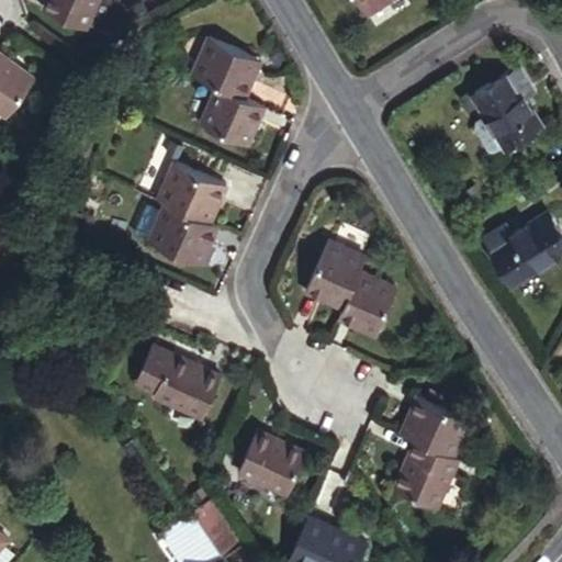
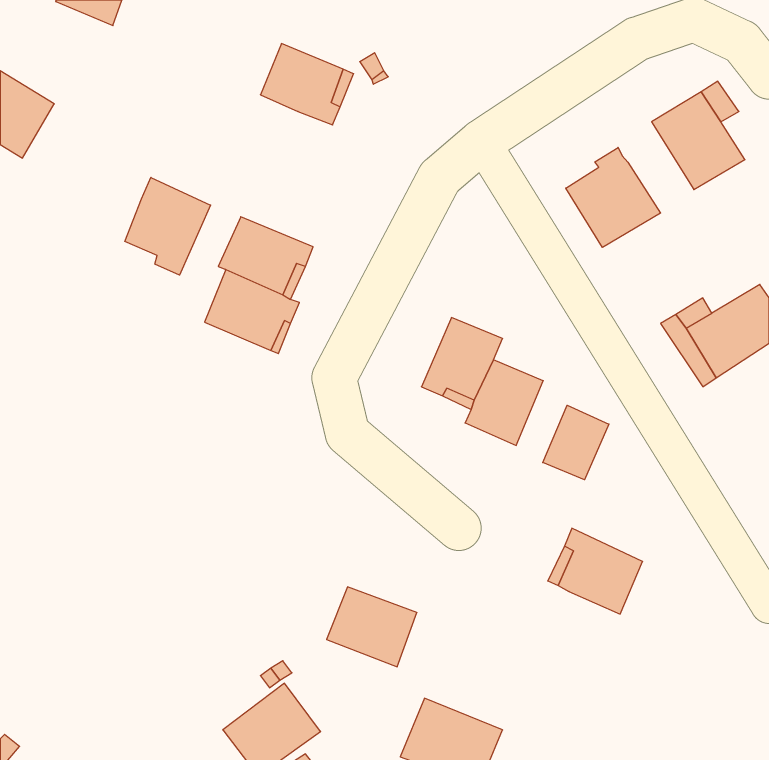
building: [201,88,265,147] -> none
building: none -> [566,147,661,247]
building: none -> [125,177,211,275]
building: none -> [543,405,609,480]
building: [132,356,217,422] -> none
building: [394,438,457,507] -> none

